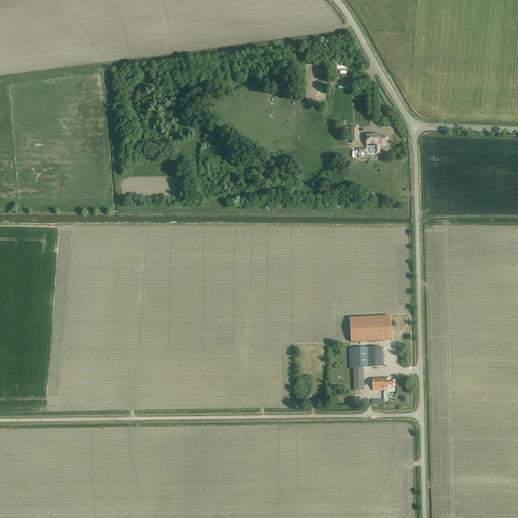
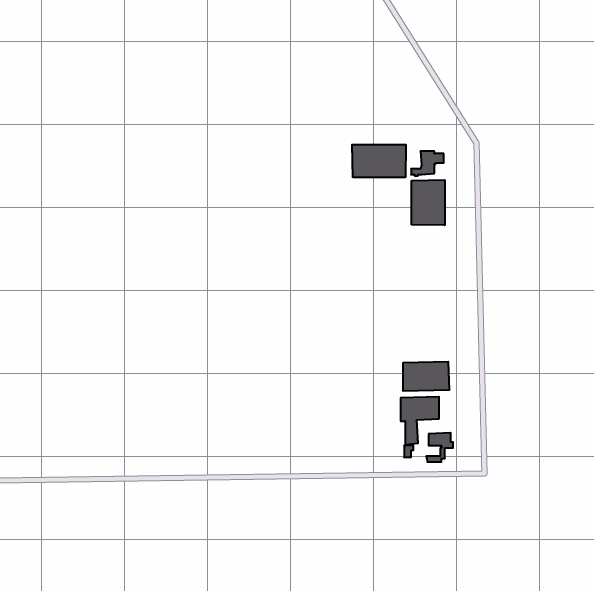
building: none -> [352,145,406,177]
building: none -> [412,180,445,225]

